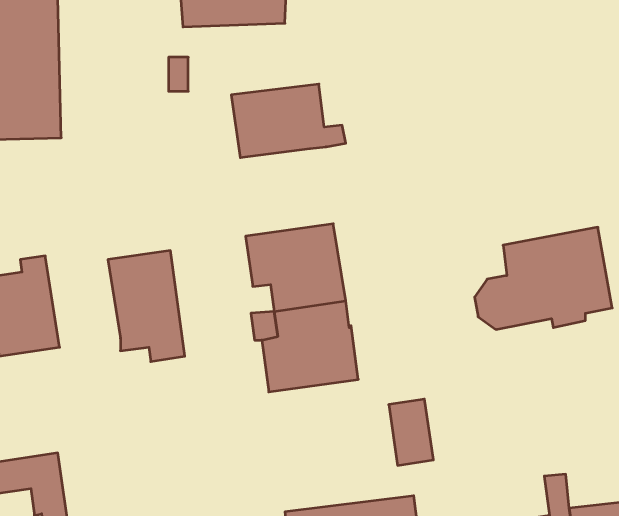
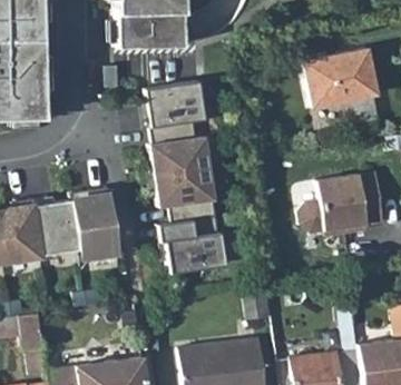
building: none -> [303,49,379,115]
building: none -> [154,125,213,179]
building: none -> [33,189,80,248]

